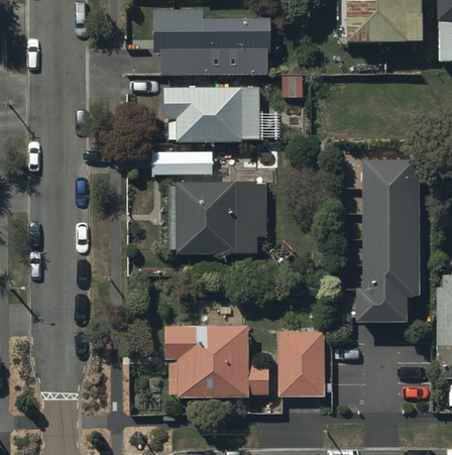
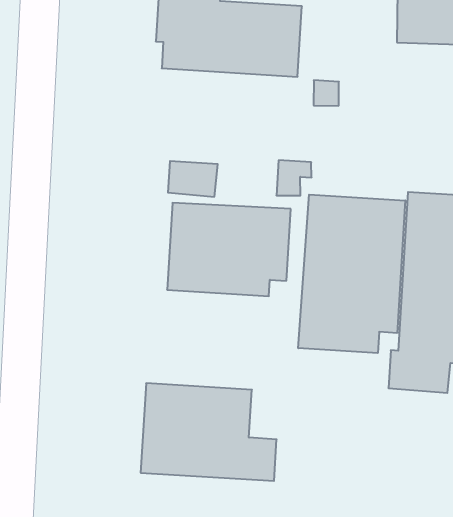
building: [163,86,259,139] -> none
building: none -> [298,195,405,353]
building: [277,332,325,396] -> none

